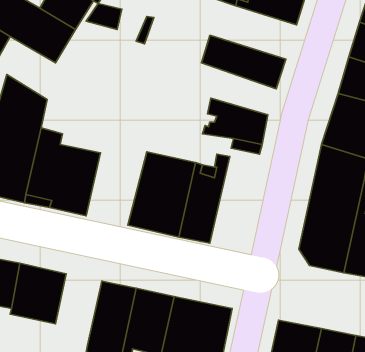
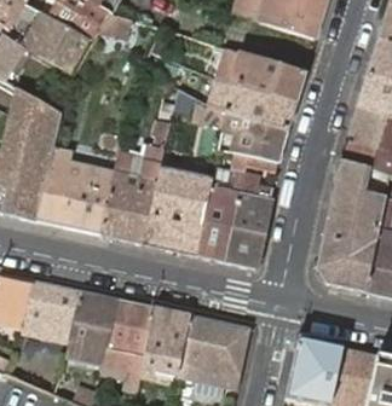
building: none -> [212,76,295,129]
building: none -> [102,102,178,242]
building: none -> [227,172,272,267]
building: none -> [68,291,117,364]

